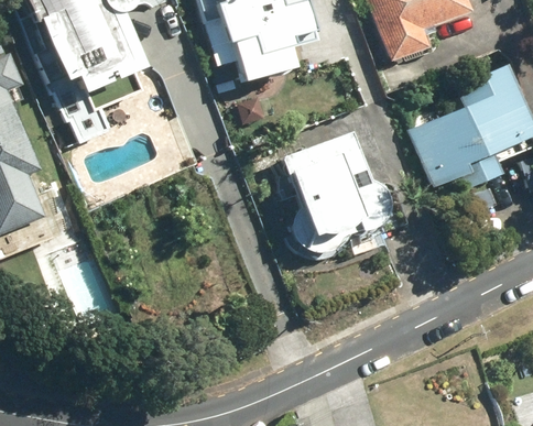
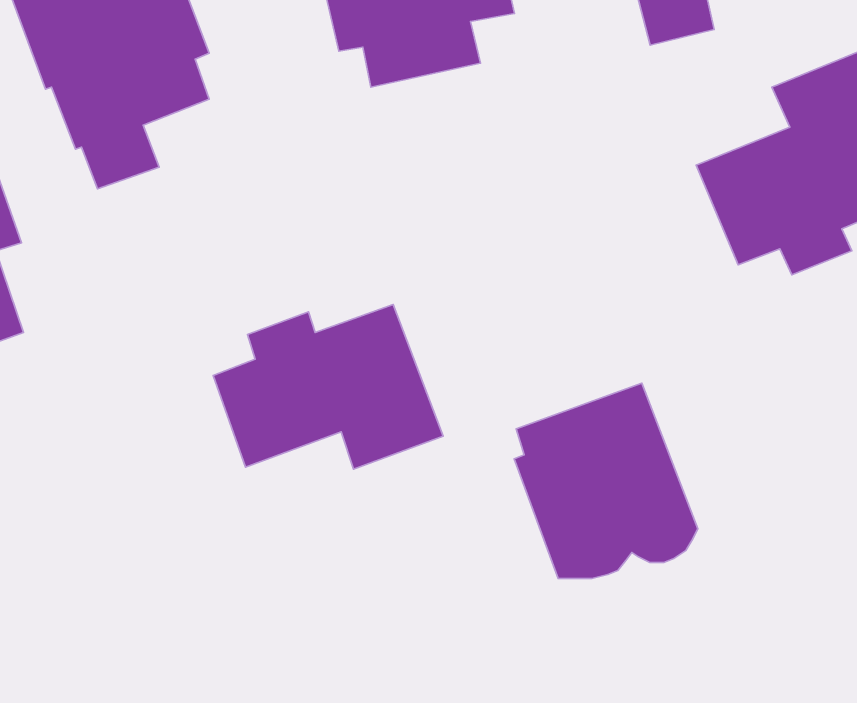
building: [280,133,381,241] -> [514,383,698,579]
building: none -> [213,305,443,469]

